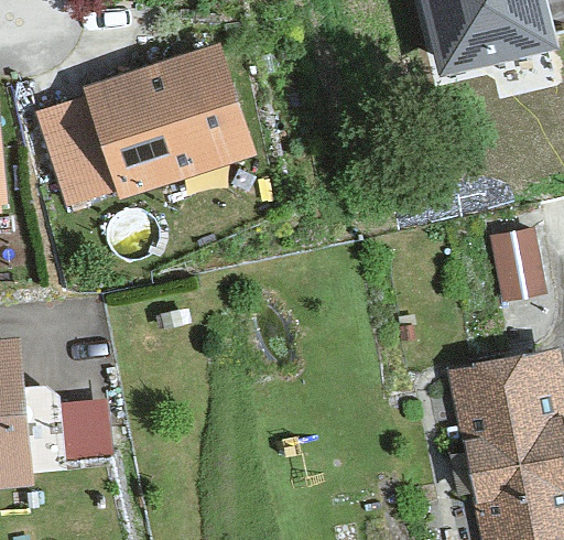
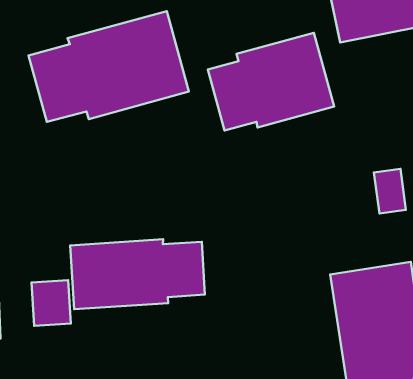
building: none -> [208,33,334,131]
building: none -> [70,239,205,309]

